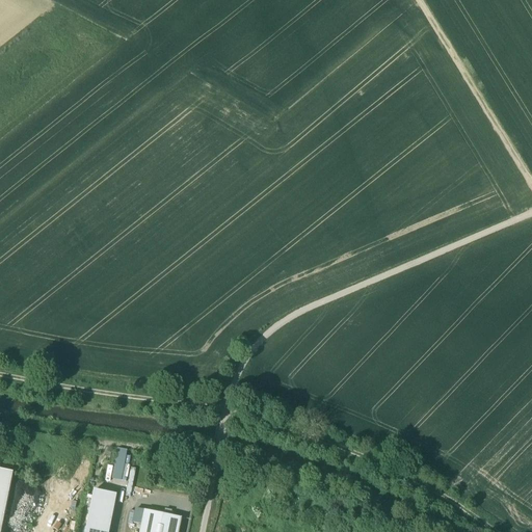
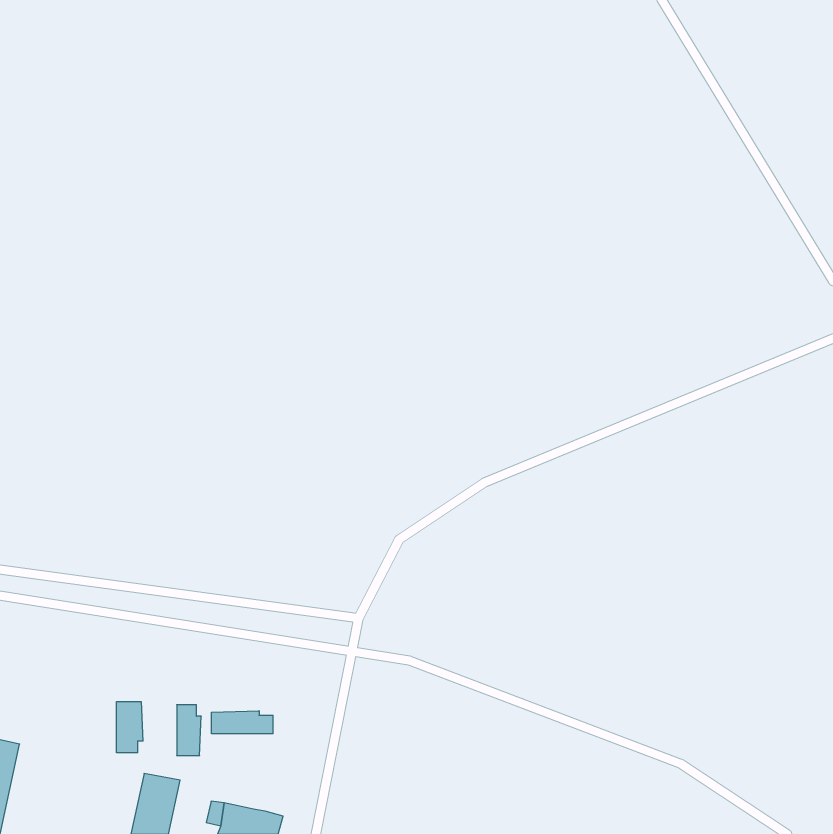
building: none -> [117,702,143,753]
building: none -> [212,711,273,734]

